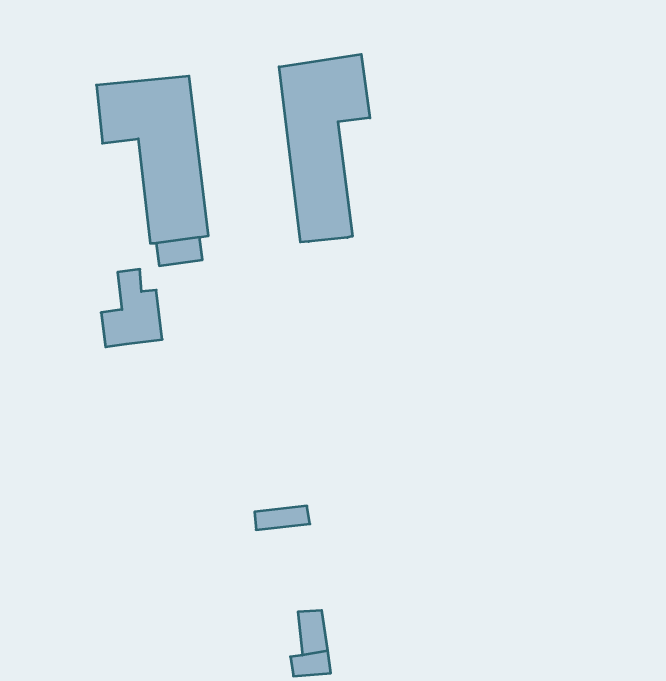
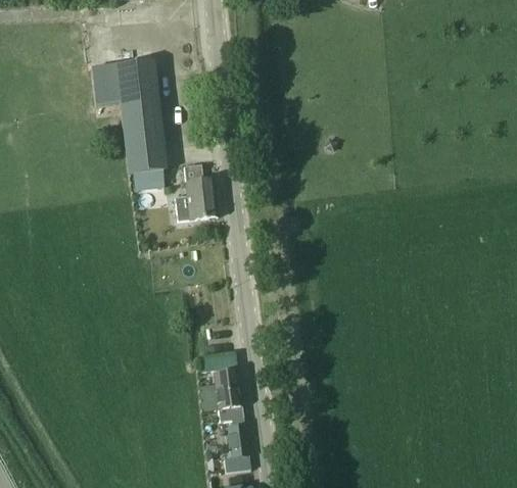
building: [279,54,370,242] -> none
building: [101,269,162,347] -> [175,165,217,218]
building: none -> [215,369,244,421]

